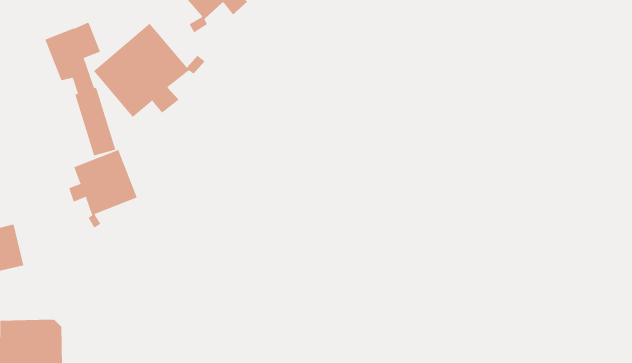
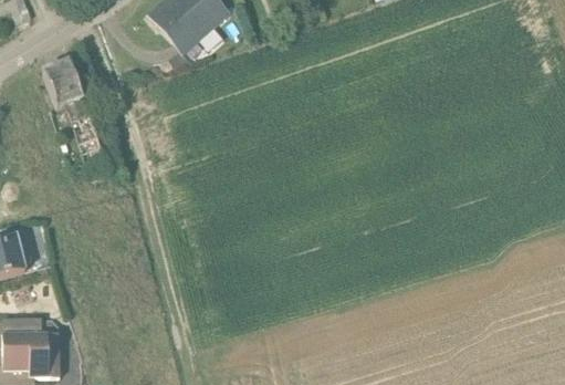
building: [93,23,206,118] -> none
building: [68,149,138,228] -> none

